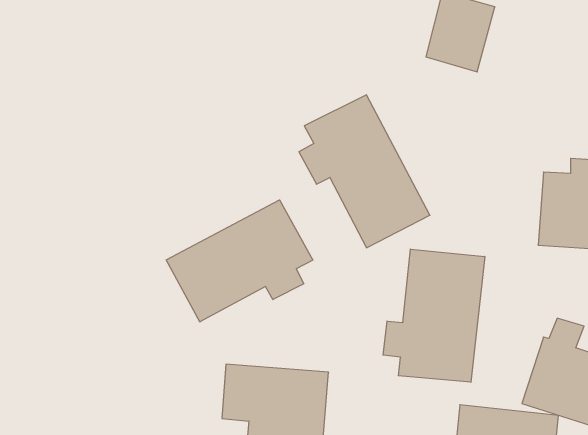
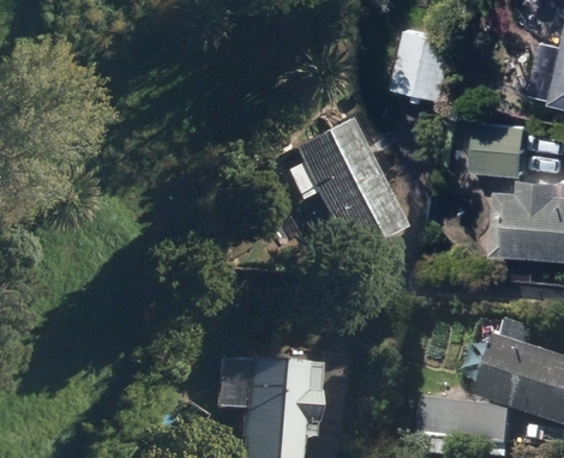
building: none -> [474,120,529,176]
building: [166,200,313,322] -> none
building: [383,249,485,382] -> none

